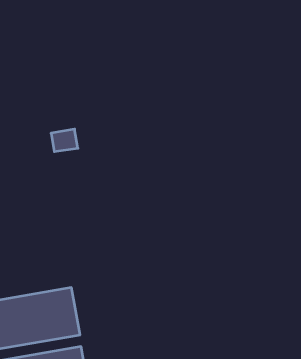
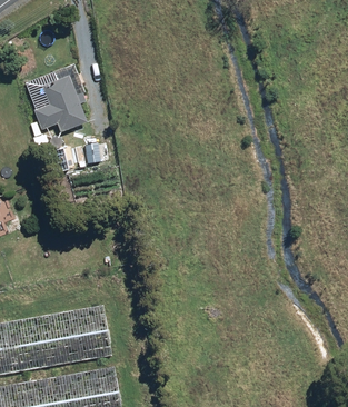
building: none -> [33,76,88,132]

